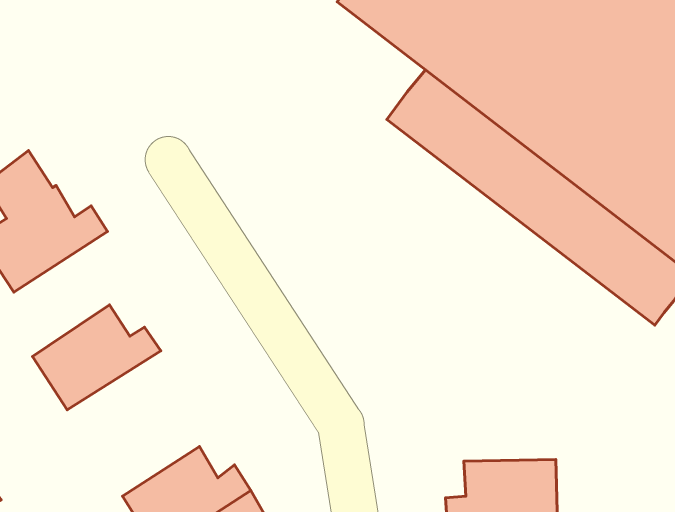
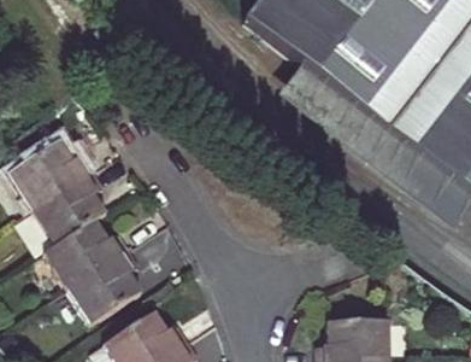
building: none -> [33,170,106,245]
building: none -> [67,249,141,323]

